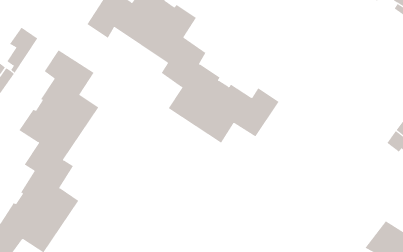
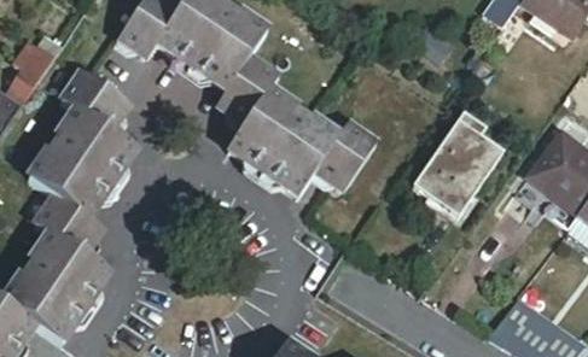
building: none -> [414,115,506,215]

